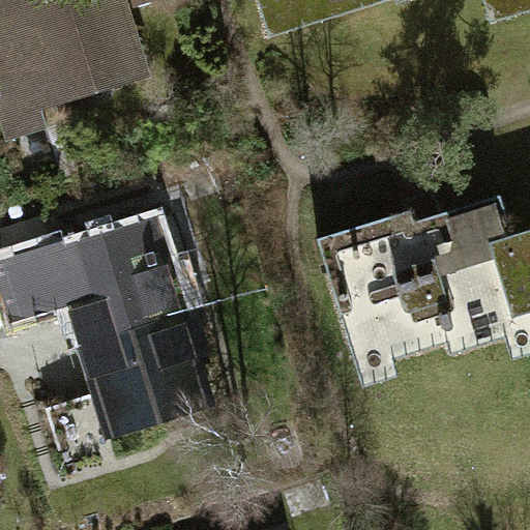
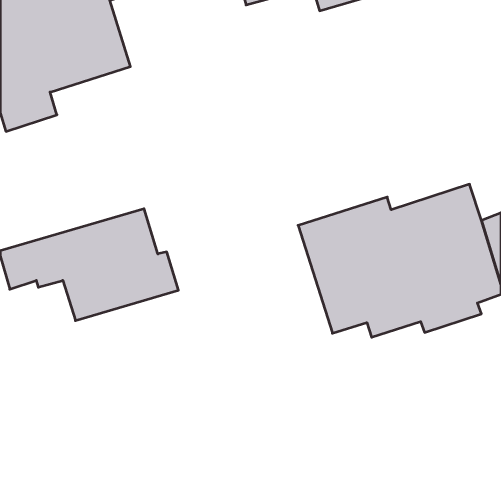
building: [80,306,205,431] -> none

